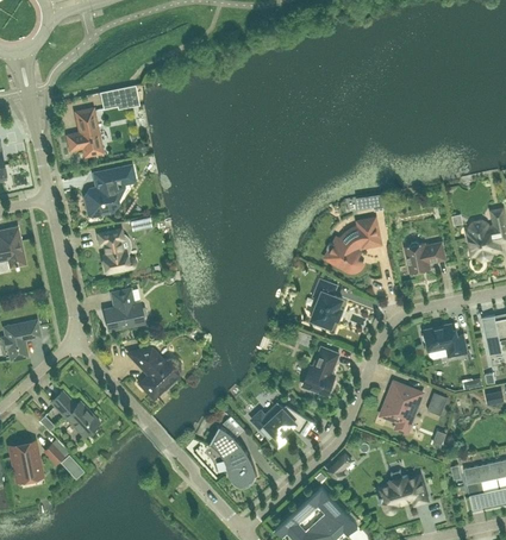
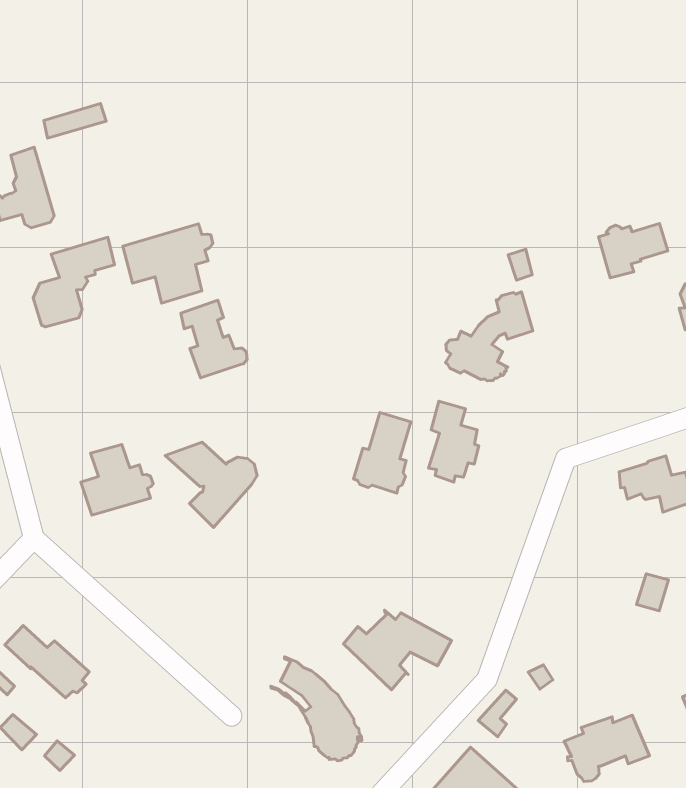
building: none -> [123,224,213,303]
building: [98,228,135,274] -> [181,300,247,378]
building: [405,241,445,272] -> [599,223,668,278]
building: [302,346,339,395] -> [353,412,411,493]
building: [127,347,181,398] -> [165,442,257,527]
building: [381,382,423,433] -> none

